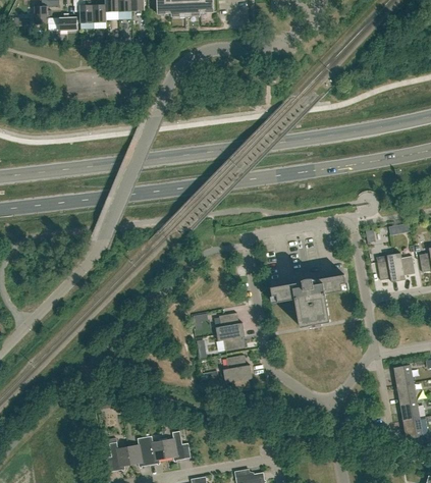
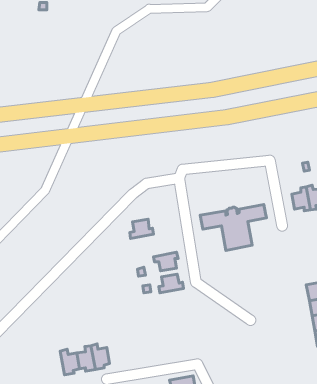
building: [215,312,243,334] -> [130,219,153,239]
building: [223,371,252,392] -> none
building: [162,430,183,461] -> none

